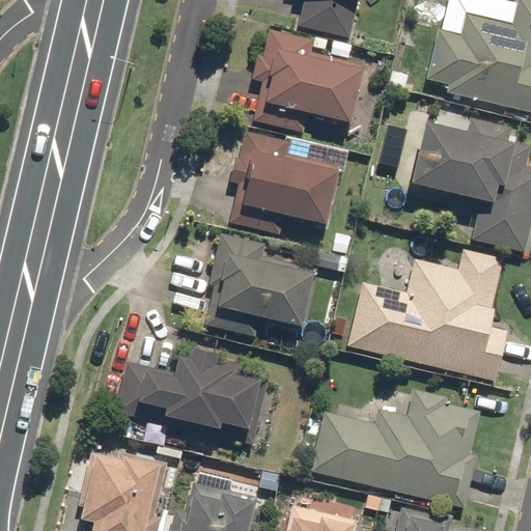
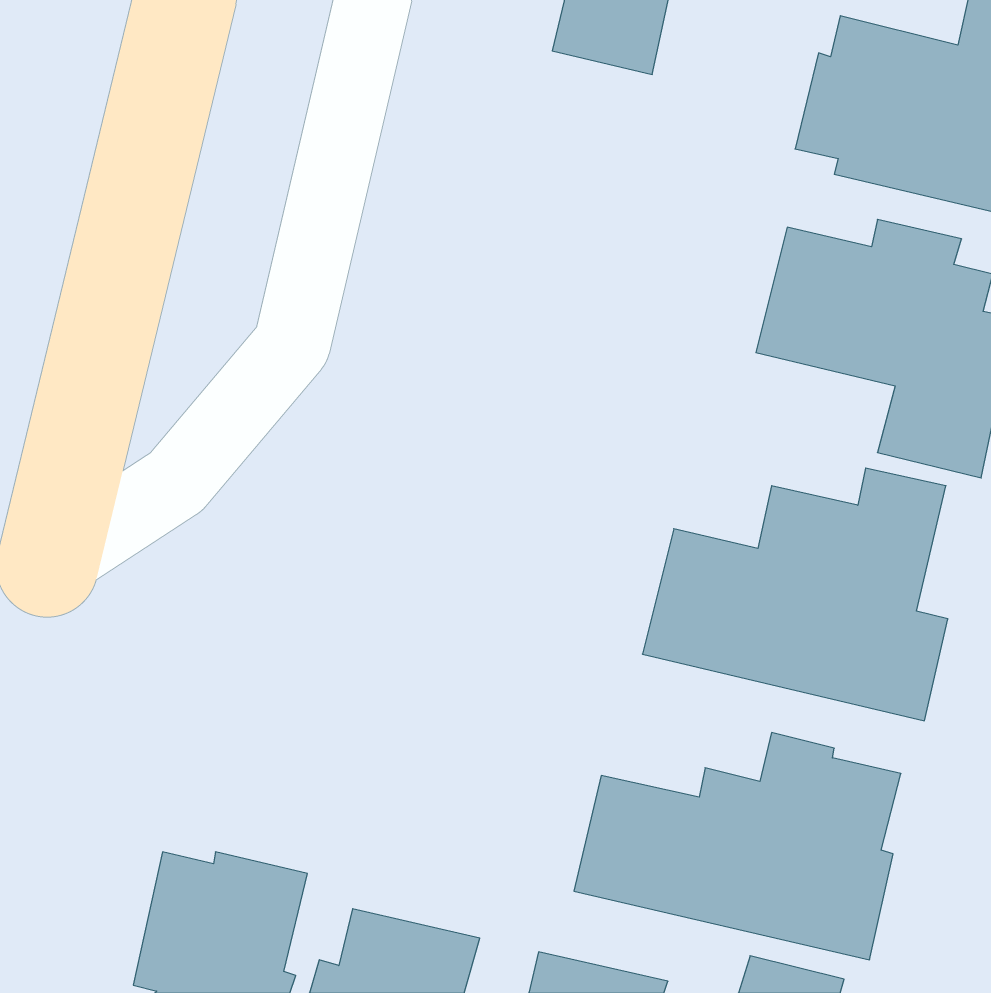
building: [252,28,365,133] -> none
building: [228,131,341,234] -> none
building: [205,232,318,336] -> none
building: [114,350,270,445] -> none

